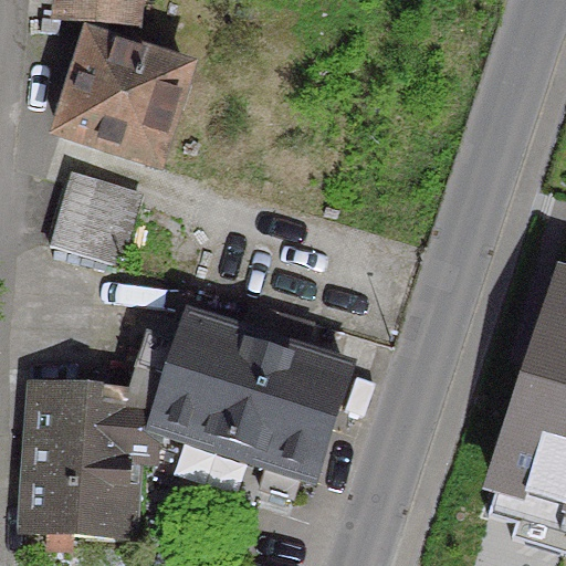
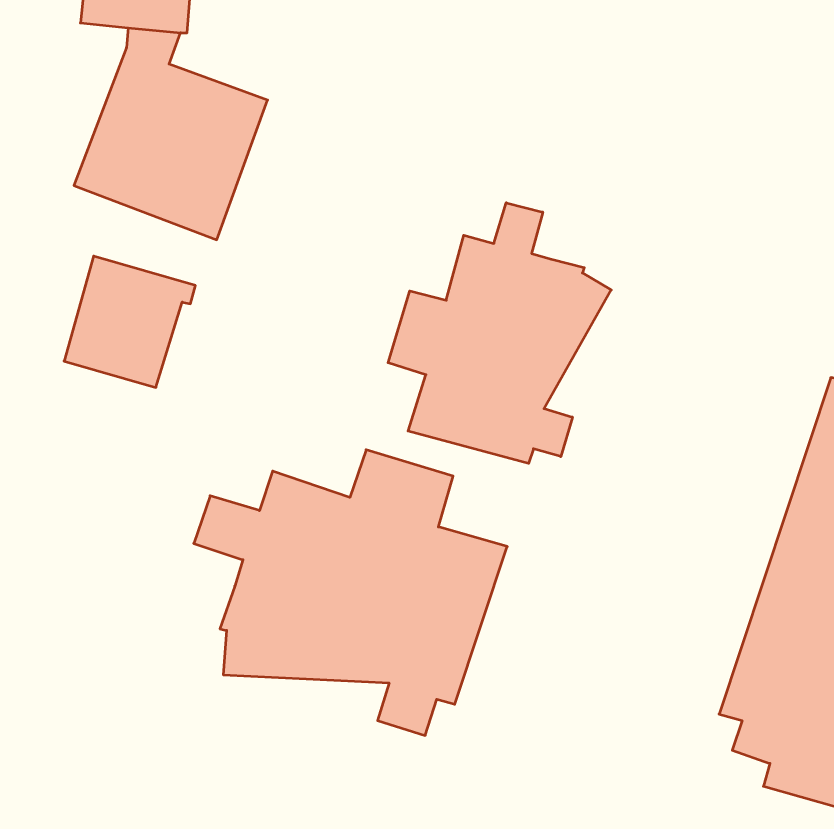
building: none -> [388,203,611,463]
building: [29,390,161,533] -> none

